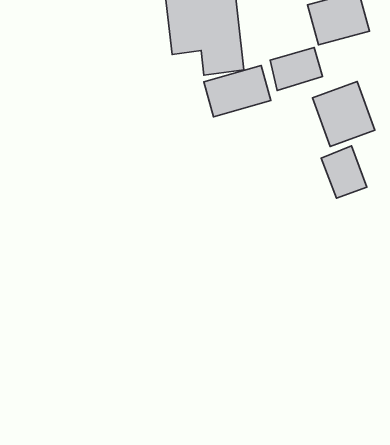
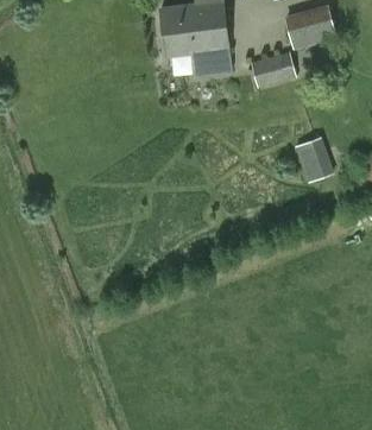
building: [204,66,271,117] -> none
building: [313,82,375,147] -> none

